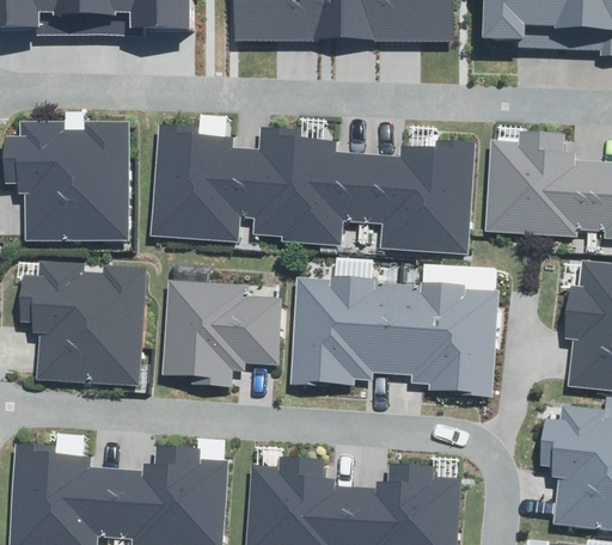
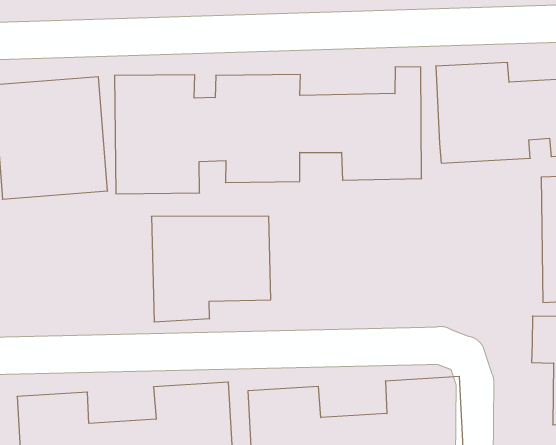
building: [30,261,175,378] -> none
building: [289,278,506,393] -> none

